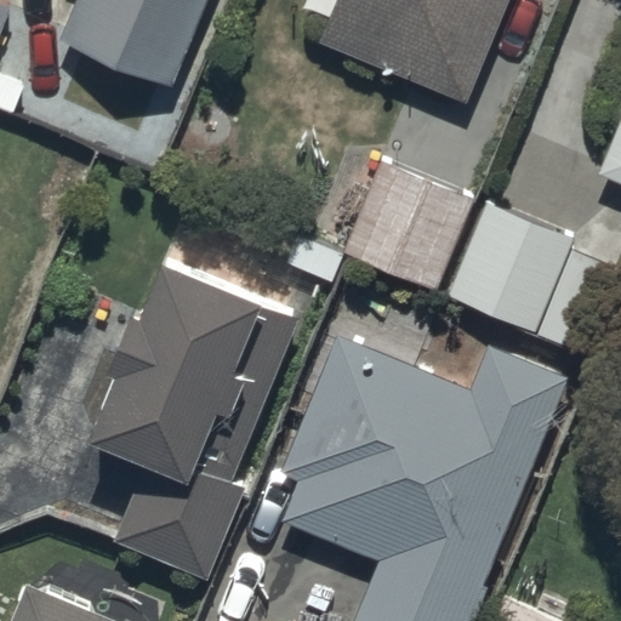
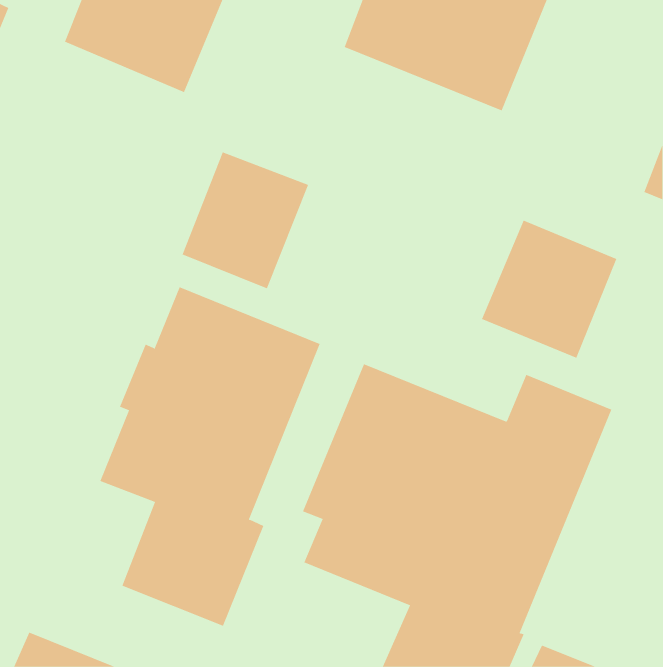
building: none -> [182,151,309,289]
building: [343,161,473,291] -> none

